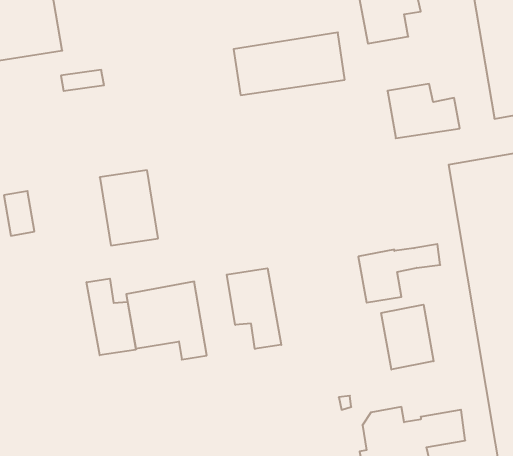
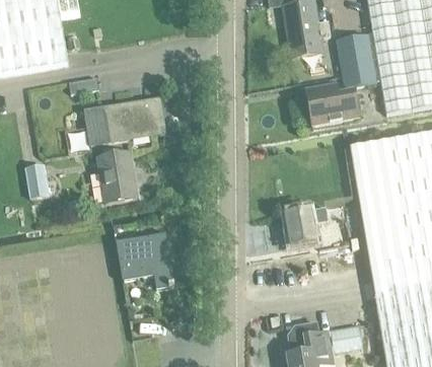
building: none -> [336,33,378,91]
building: [234,32,345,95] -> [84,98,165,144]
building: [227,268,281,349] -> none
building: [87,279,136,355] -> none
building: [381,305,434,370] -> none

